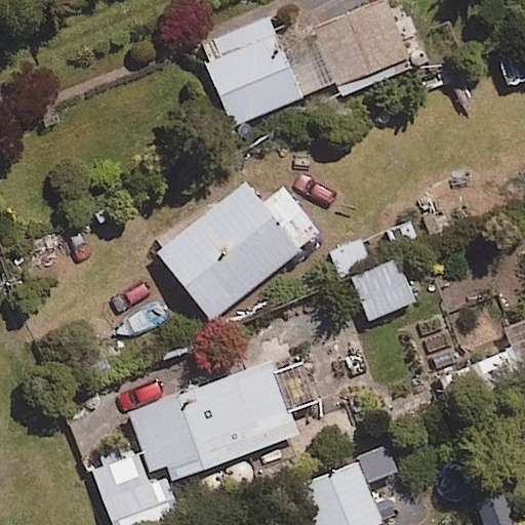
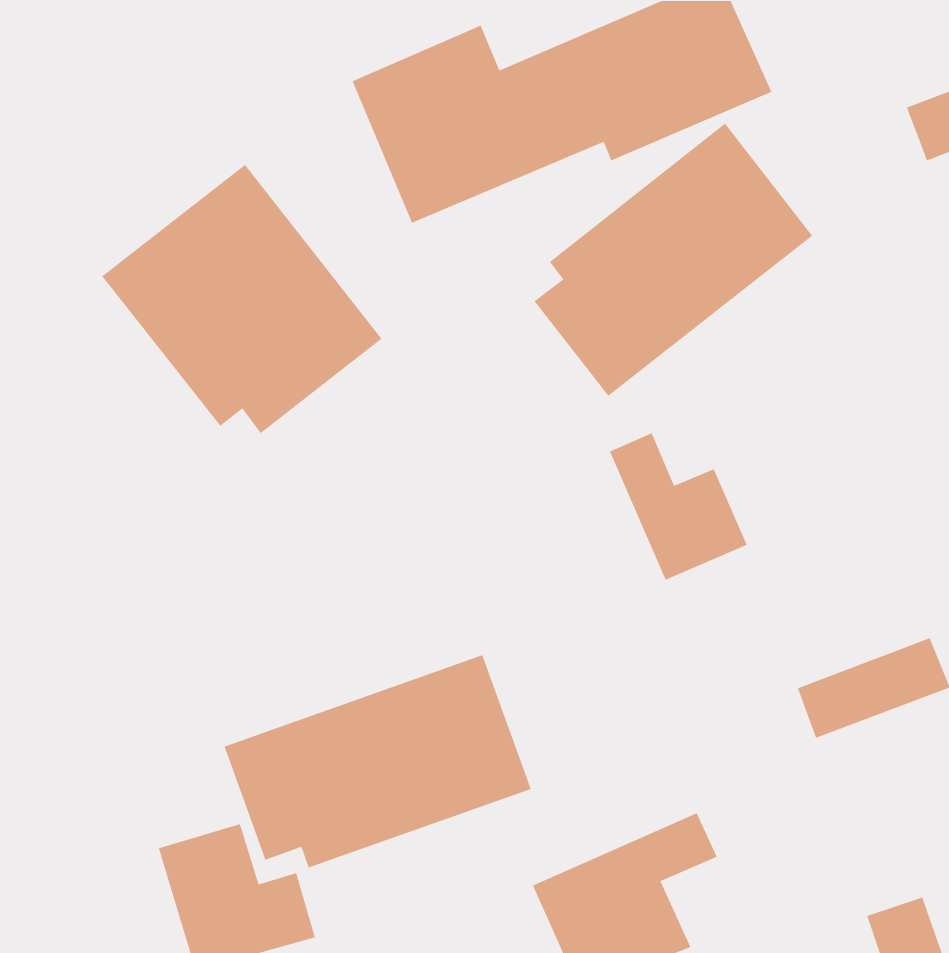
building: none -> [534,123,813,397]
building: none -> [101,164,383,434]
building: [157,184,320,321] -> none

